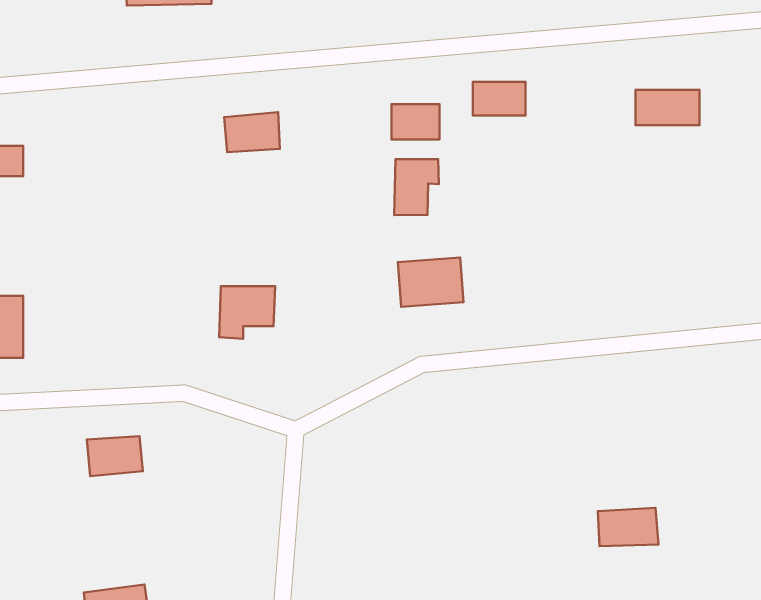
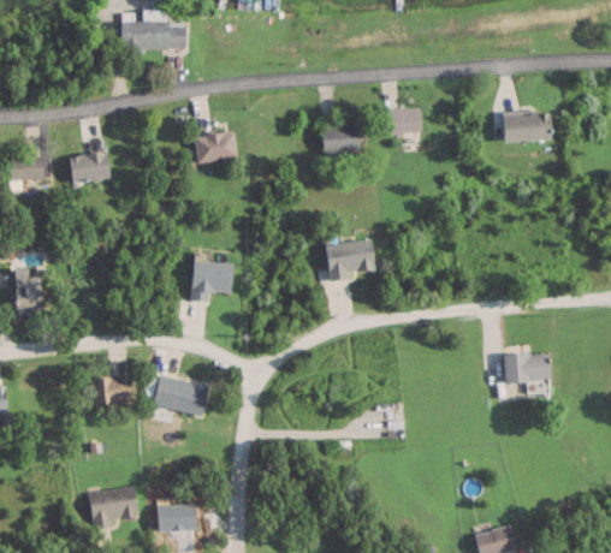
building: none -> [69,151,111,183]
building: [394,159,439,215] -> none
building: none -> [153,375,209,416]
building: [598,508,659,546] -> [505,352,551,381]

